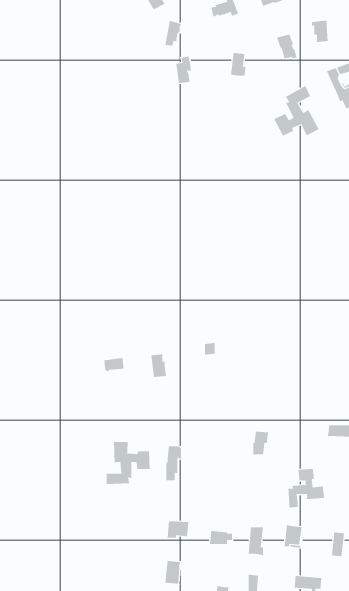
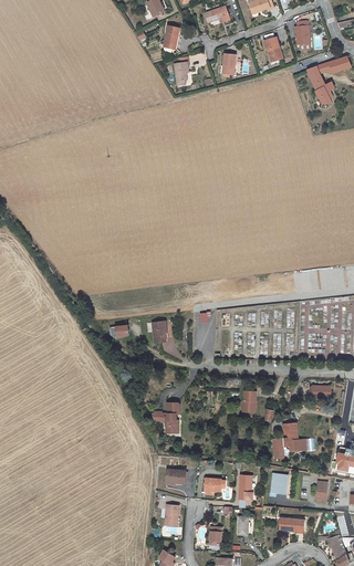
building: [273,85,319,137] -> none
building: [106,441,150,485] -> none

